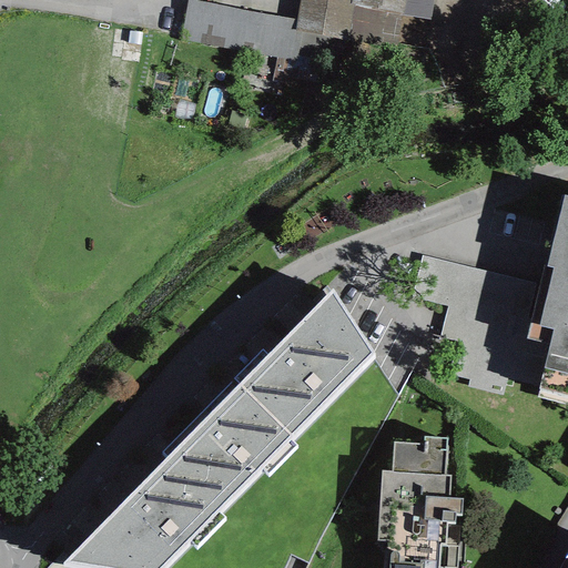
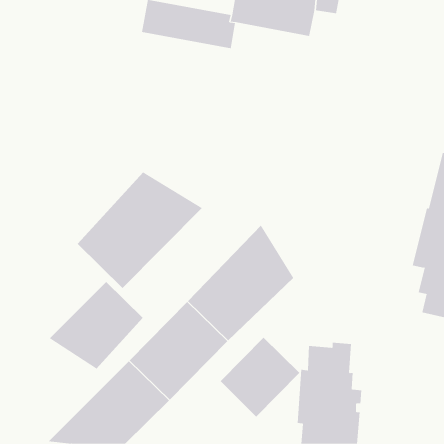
building: none -> [77,172,203,289]
building: none -> [49,281,144,370]
building: none -> [220,337,300,417]

